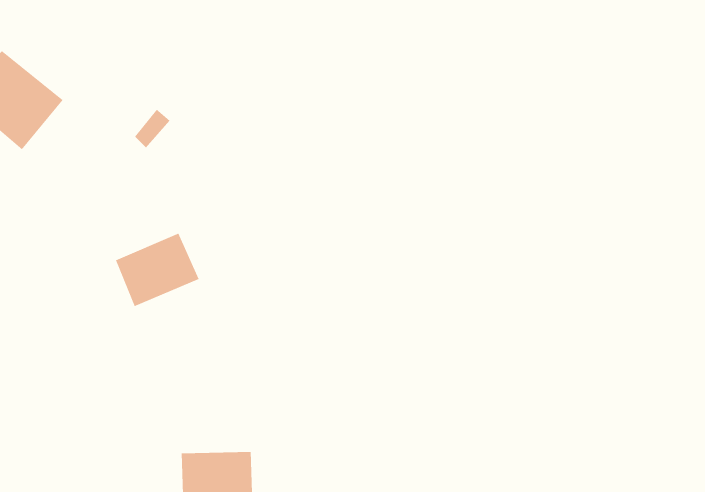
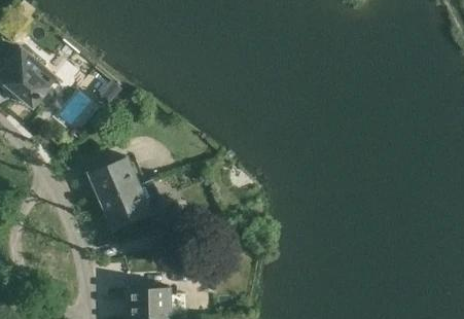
building: none -> [98,177,162,227]

